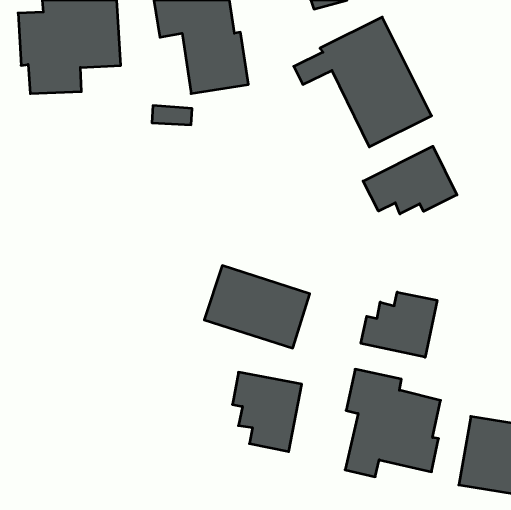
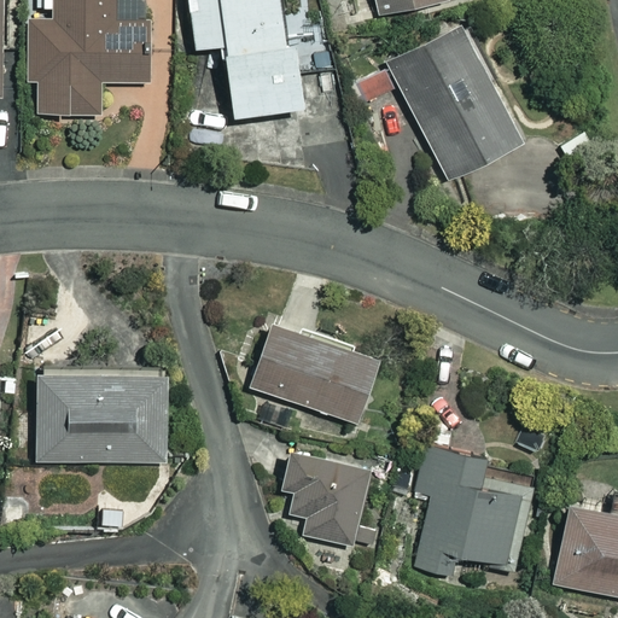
building: [363,146,457,214] -> none
building: [361,292,437,357] -> none
building: none -> [36,371,167,464]

